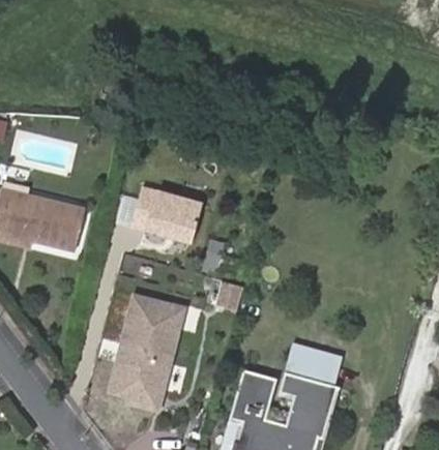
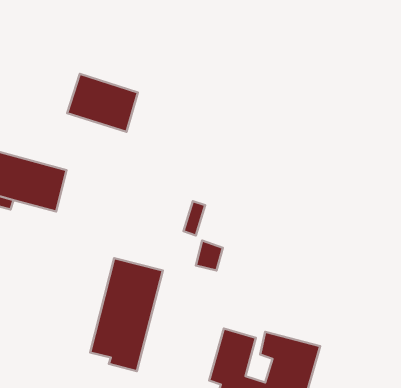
building: [133,186,203,244] -> [67,74,138,132]
building: [285,343,340,384] -> none

